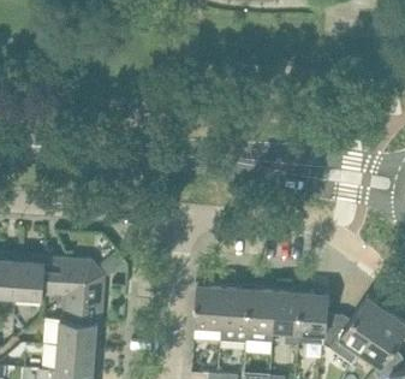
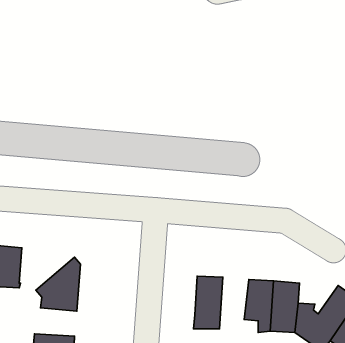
building: [42,257,99,301] -> none
building: [195,284,224,326] -> none
building: [246,288,276,342] -> none
building: [58,318,101,348] -> none

